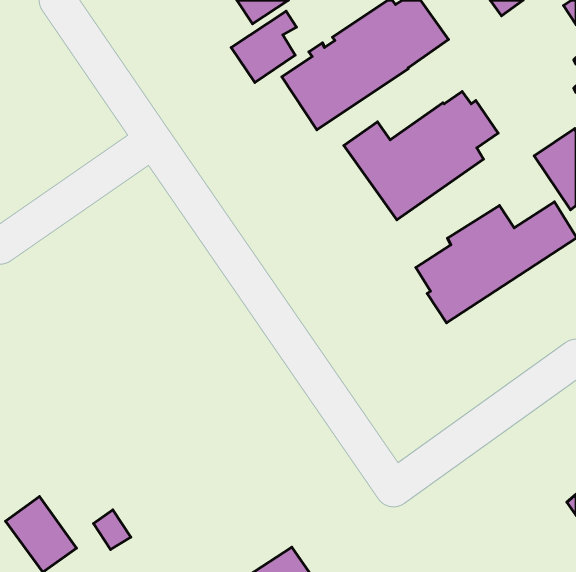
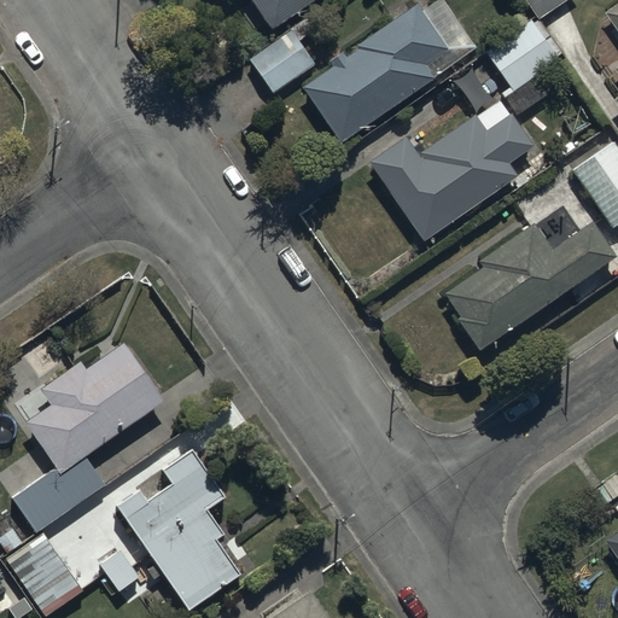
building: none -> [484,19,559,117]
building: none -> [12,342,167,532]
building: none -> [117,450,240,610]

